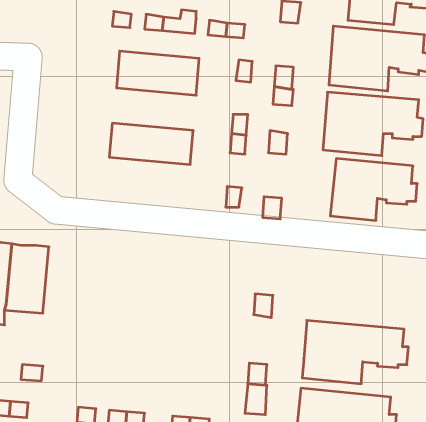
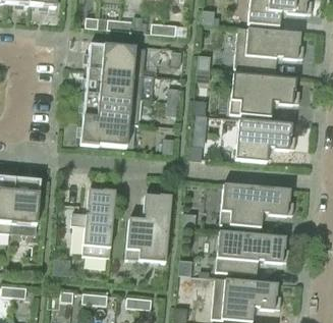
building: none -> [85,69,143,99]
building: none -> [80,117,138,148]
building: none -> [220,182,293,227]
building: none -> [70,183,115,257]
building: none -> [125,189,171,262]

